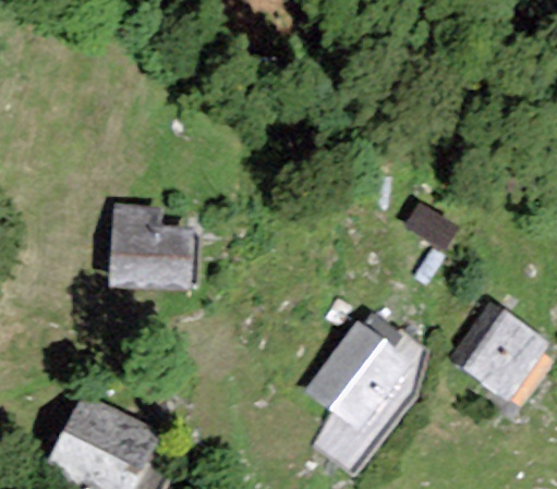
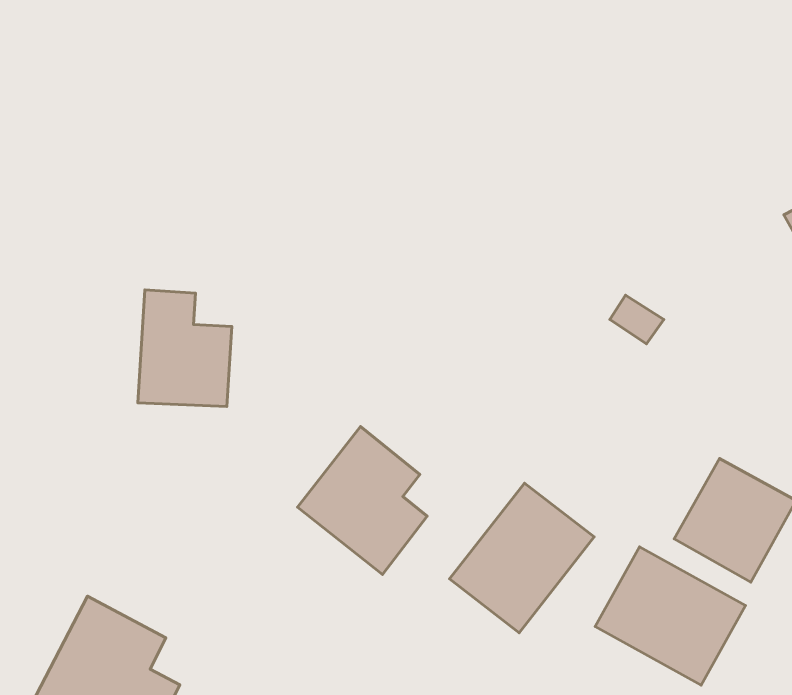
building: none -> [297,427,427,575]
building: none -> [595,547,746,685]

